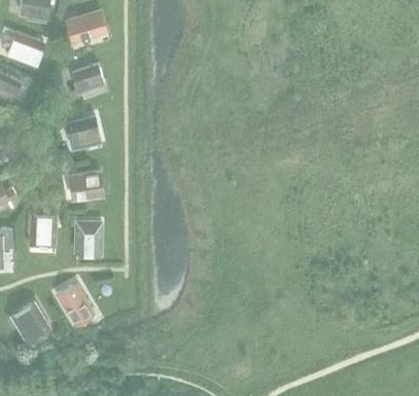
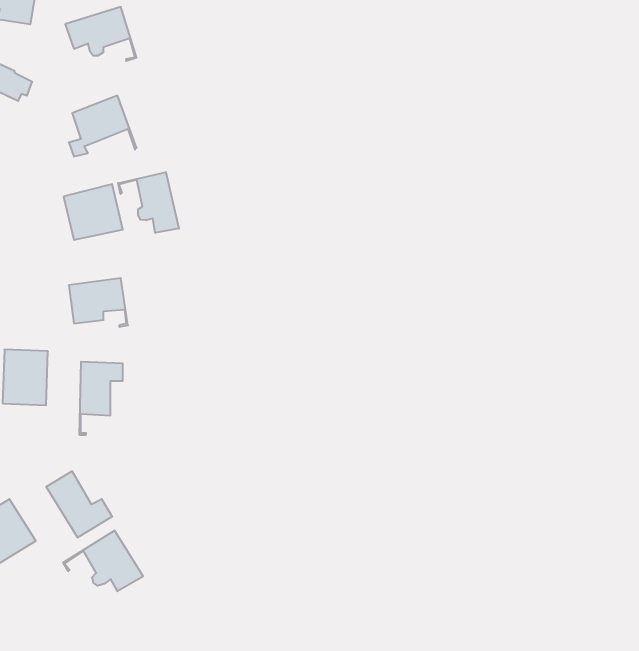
building: none -> [118,172,179,233]
building: none -> [63,530,143,591]

